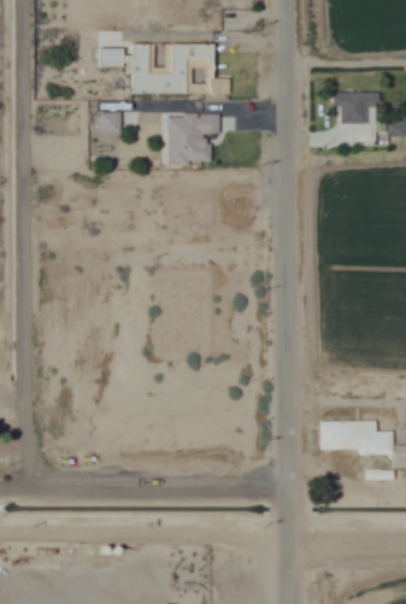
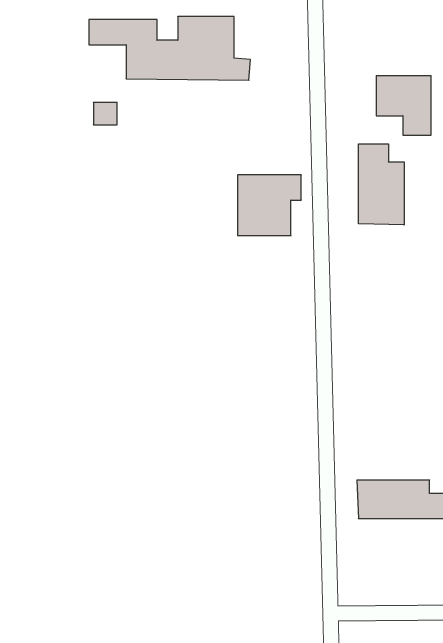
building: [167,113,219,163] -> [238,175,301,236]
building: none -> [359,144,404,225]

